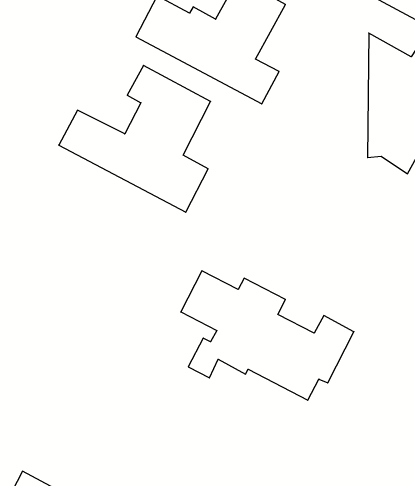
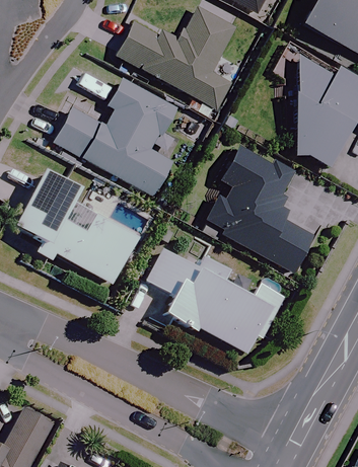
building: none -> [201,148,313,275]
building: none -> [12,173,138,285]

